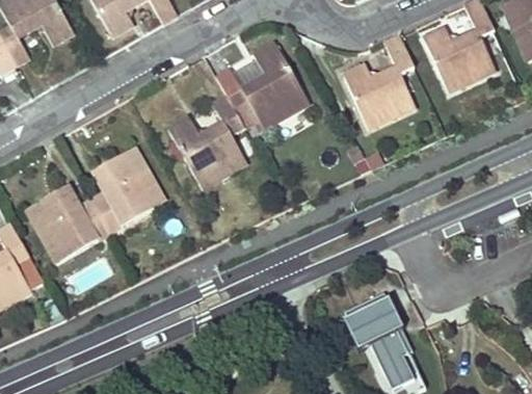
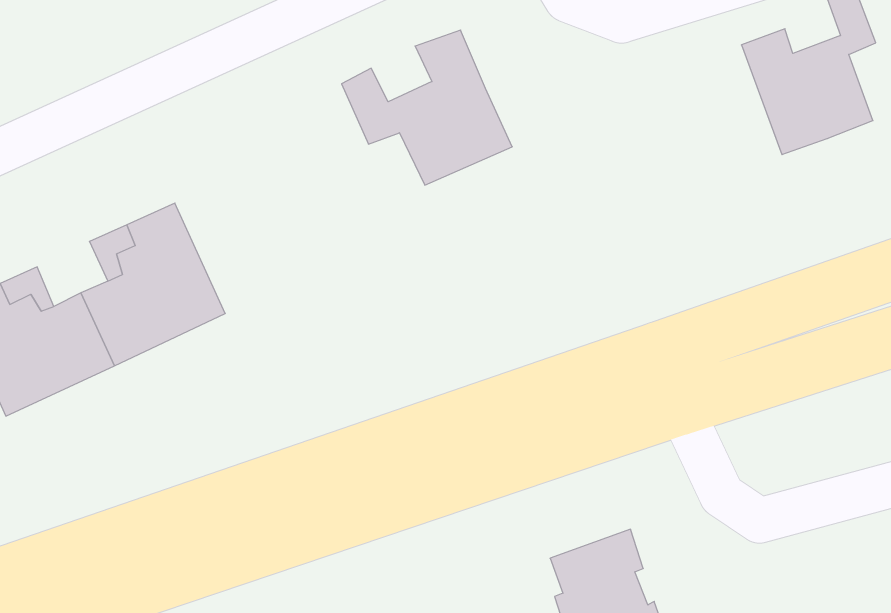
building: [342,31,416,129] -> none
building: [166,94,245,187] -> none

